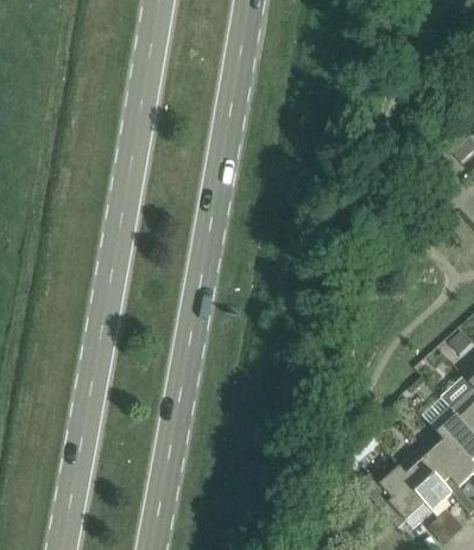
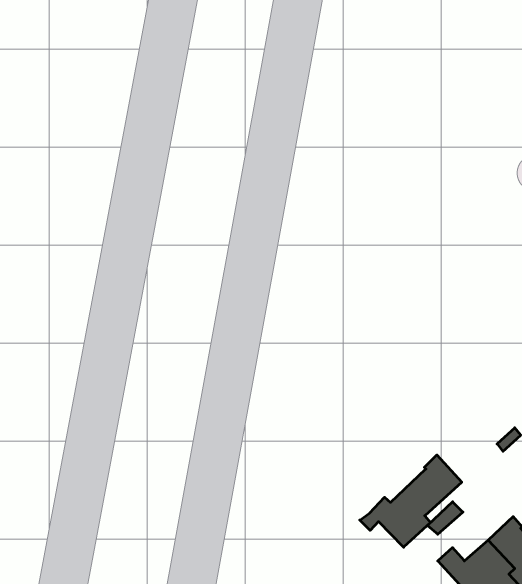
building: none -> [360,455,462,547]

